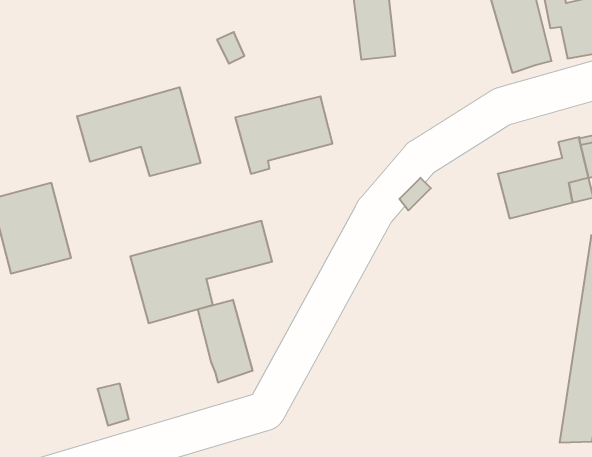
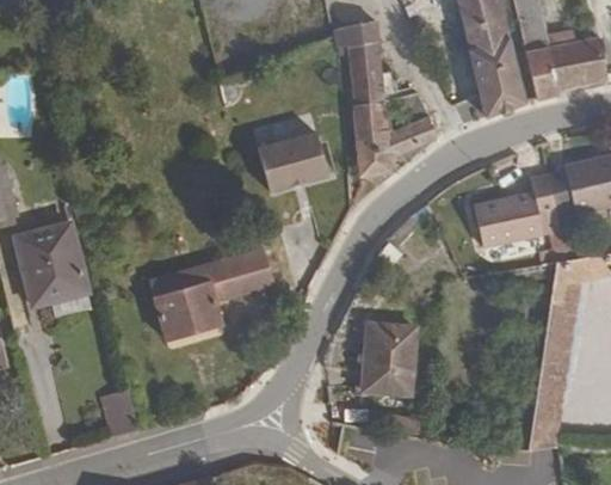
building: none -> [344,99,436,174]
building: [77,87,200,176] -> none
building: [198,300,252,383] -> none
building: none -> [357,323,413,394]

